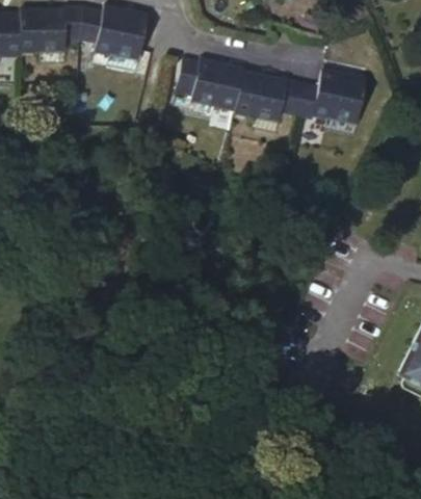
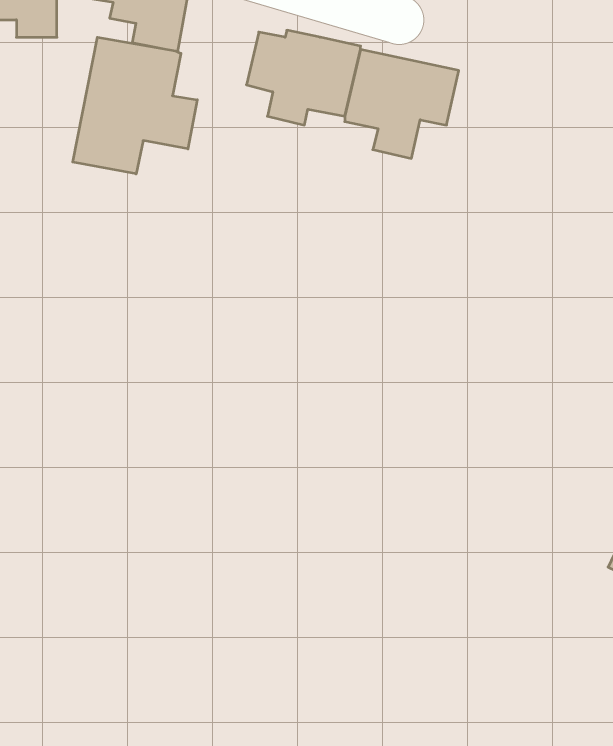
building: none -> [73,37,197,174]
building: [295,67,366,134] -> none

